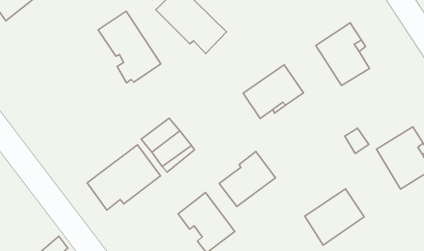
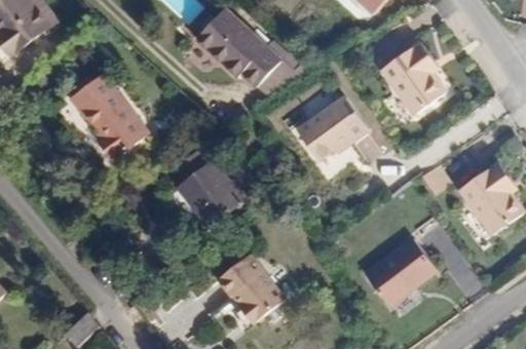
building: [98,11,161,83] -> [70,77,146,161]
building: [87,145,161,210] -> none
building: [219,152,276,207] -> none

